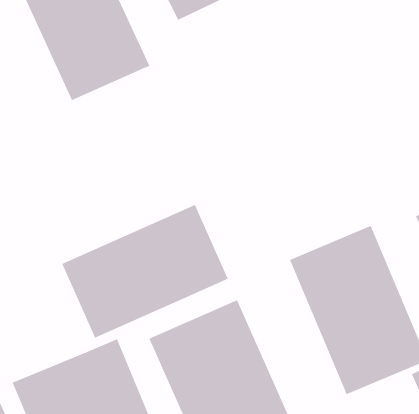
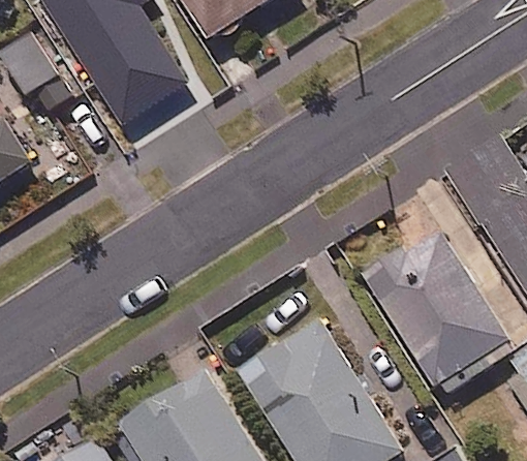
building: [62,204,229,339] -> none

